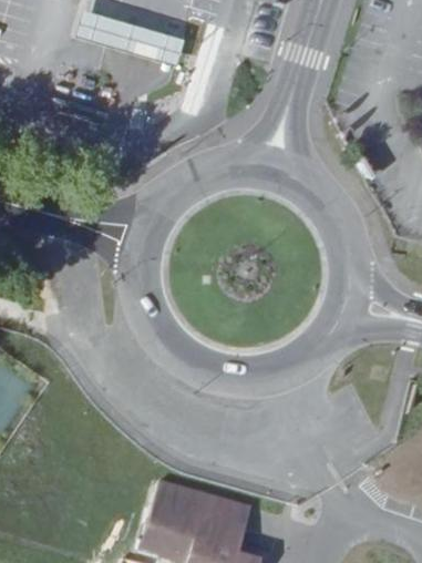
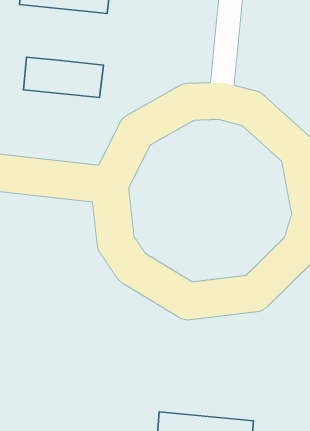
building: none -> [23,57,104,98]

